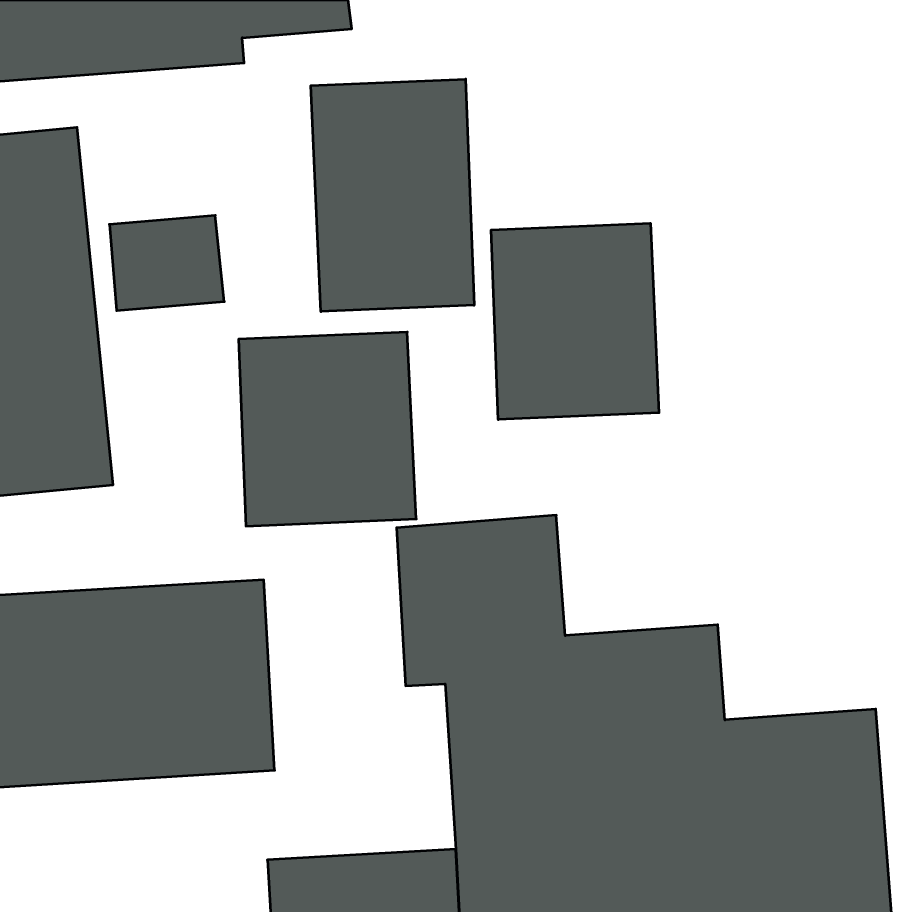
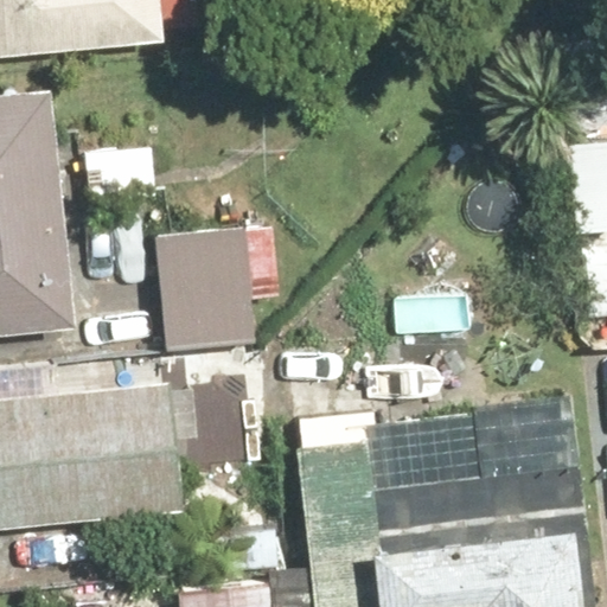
building: [311,79,474,312] -> none
building: [491,223,659,420] -> none

